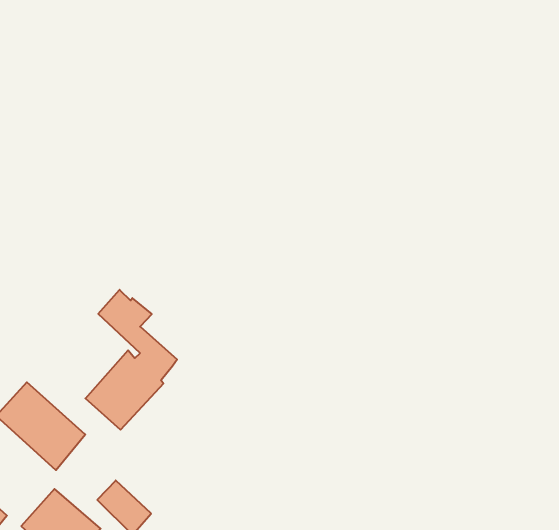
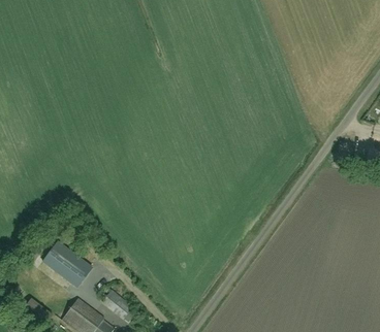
building: [85,290,177,430] -> none

